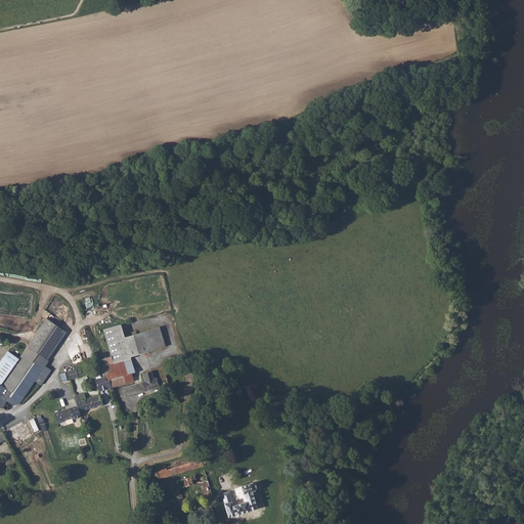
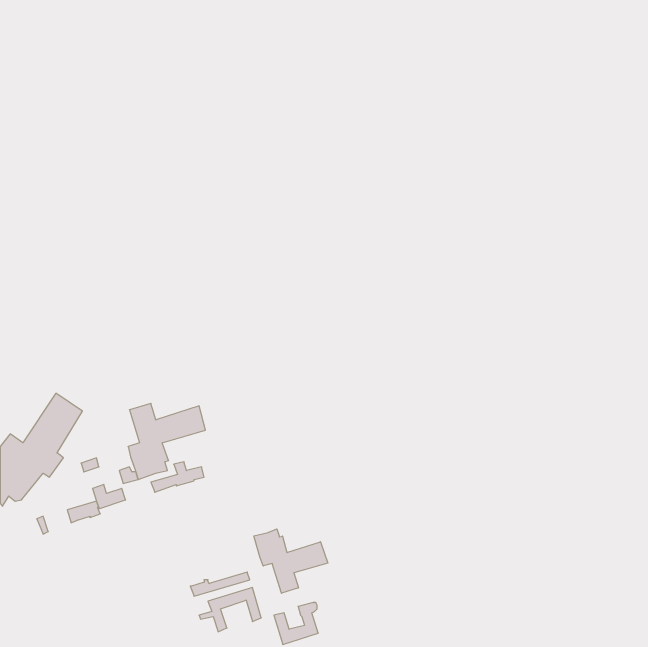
building: none -> [254,529,328,593]

